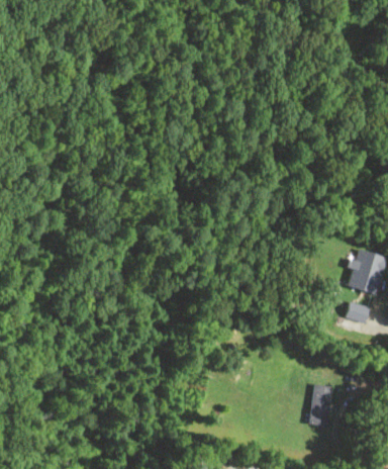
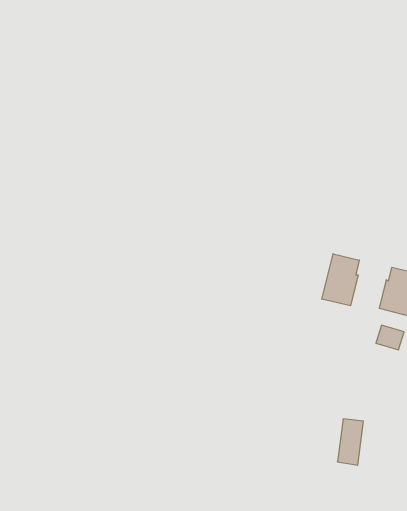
building: none -> [322,254,359,306]

